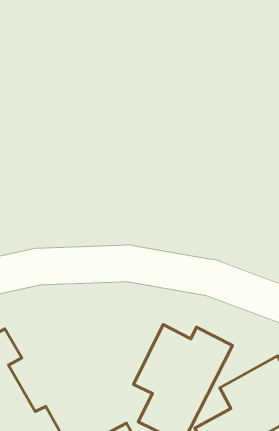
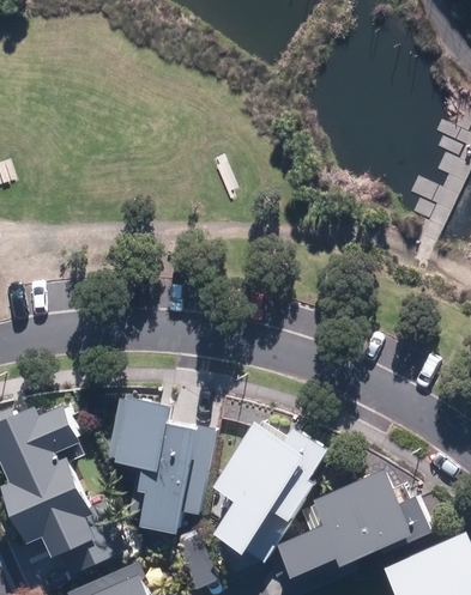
building: none -> [107,395,212,535]

